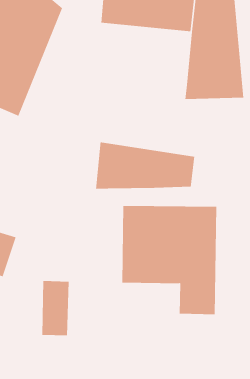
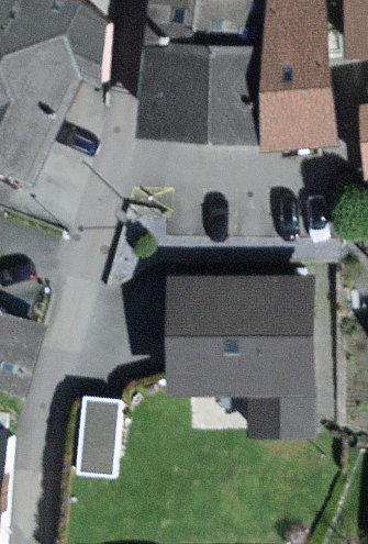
building: none -> [137,41,269,144]
building: [96,141,195,190] -> none

